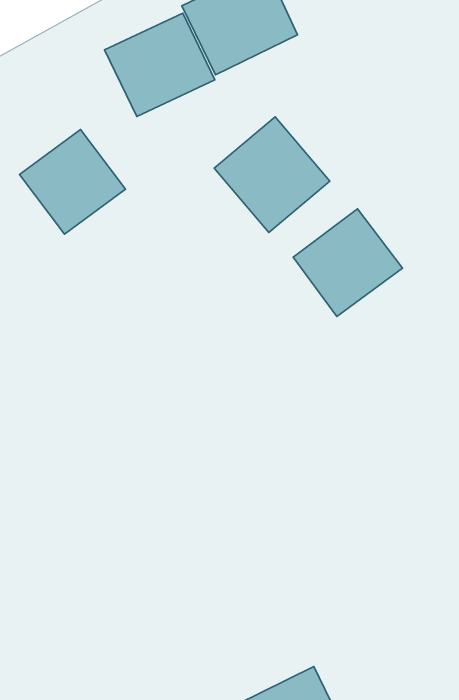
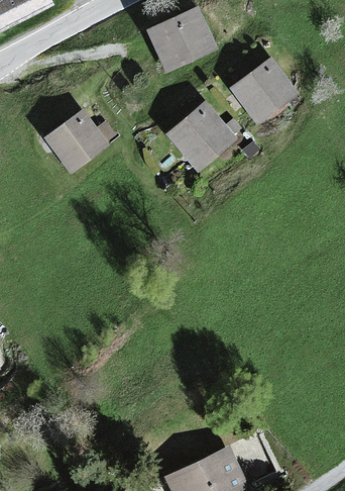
building: [105,13,215,116] -> none
building: [293,209,403,317] -> [230,57,299,124]

